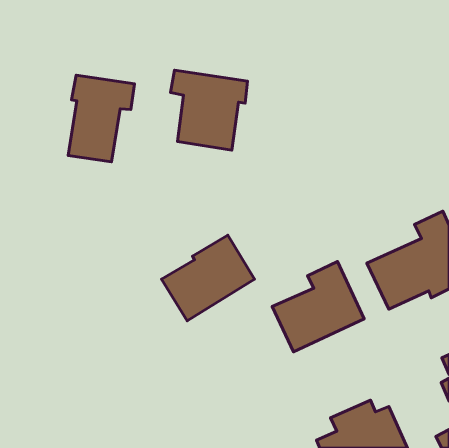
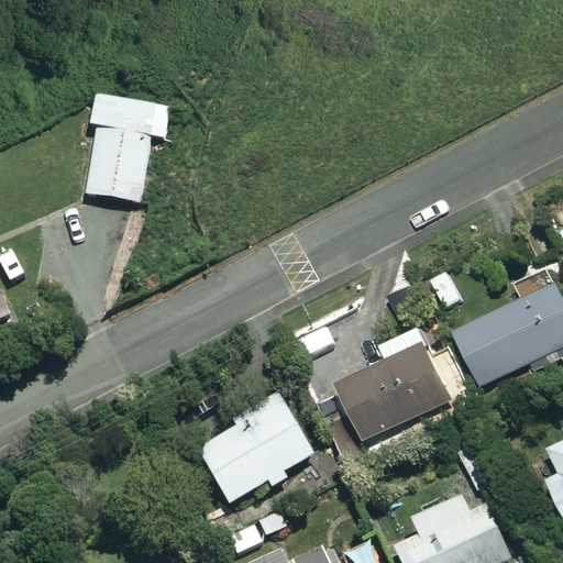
building: [171,70,247,150] -> none
building: [162,235,254,321] -> [197,397,312,504]

